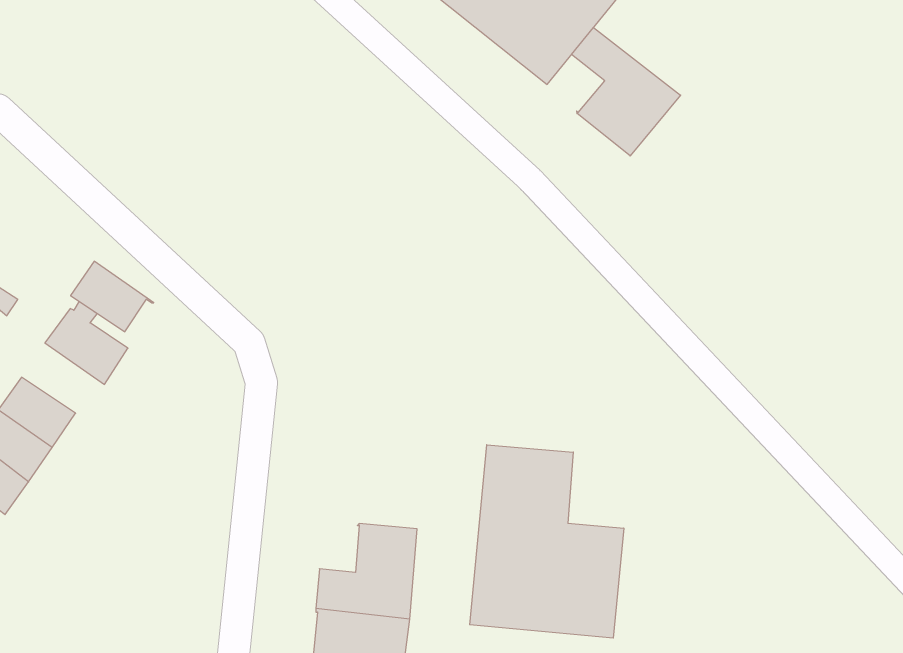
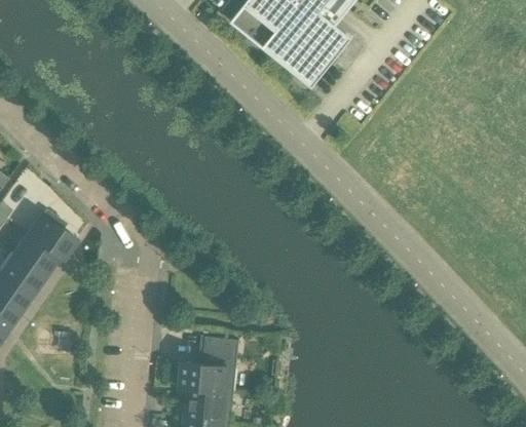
building: [571,27,681,156] -> none
building: [71,261,154,332] -> [13,234,61,274]
building: [470,445,624,638] -> none

